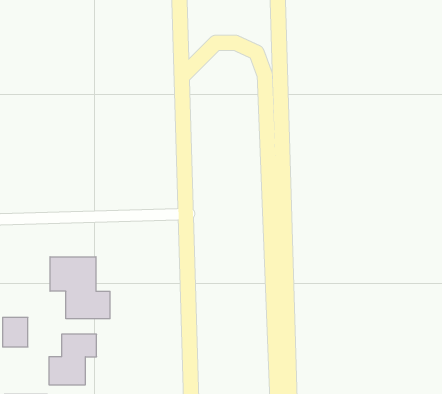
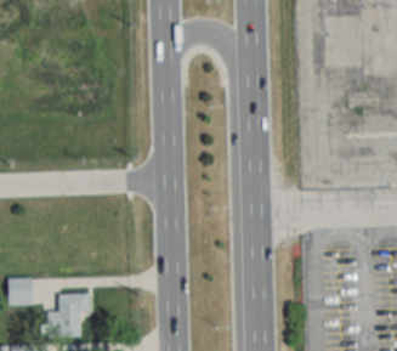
building: [50,257,110,319] -> none

